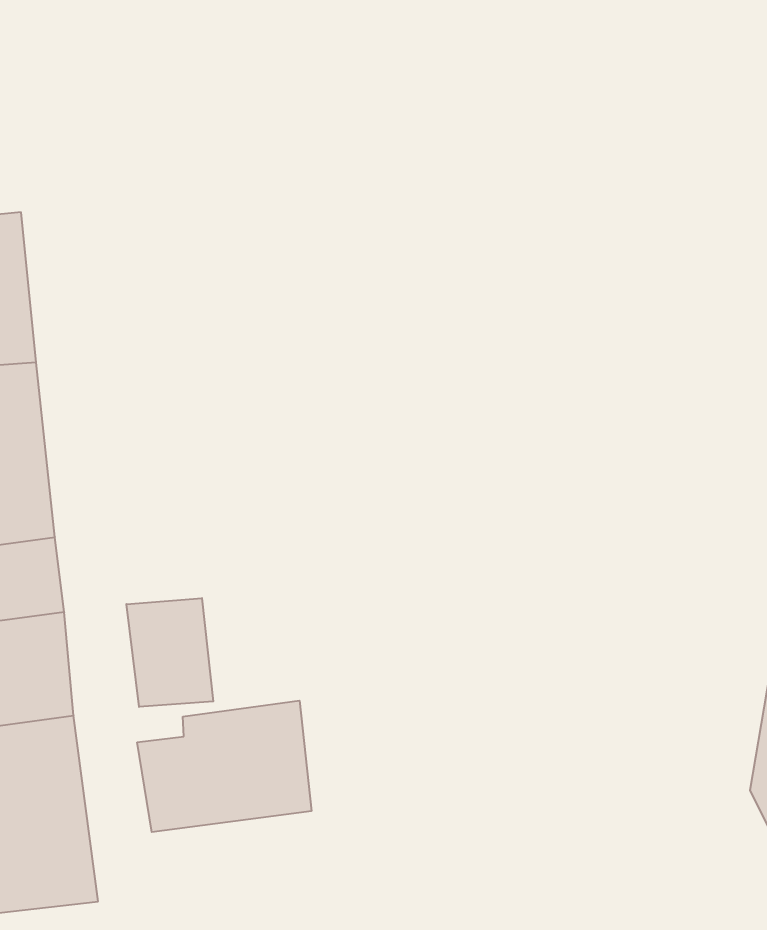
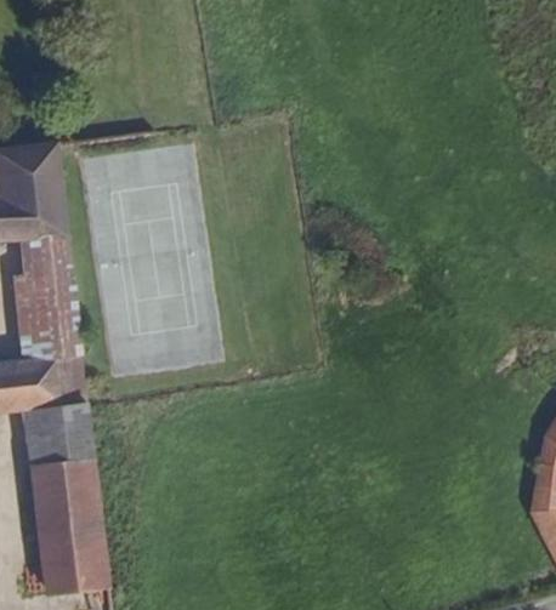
building: [126,598,213,707] -> none
building: [137,701,311,832] -> none

